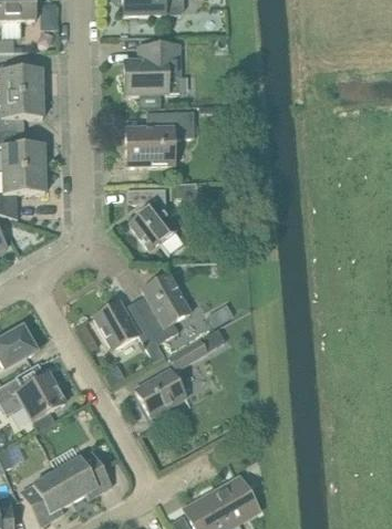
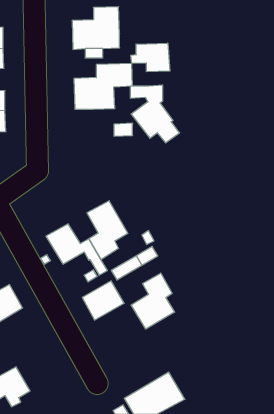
building: none -> [131,43,170,72]
building: [127,187,186,256] -> [130,85,180,143]
building: none -> [131,273,175,329]
building: [58,450,104,499] -> none

